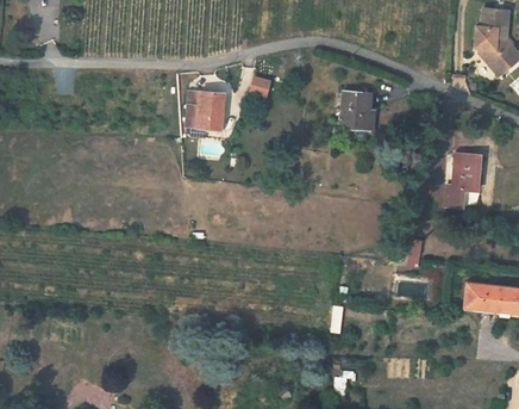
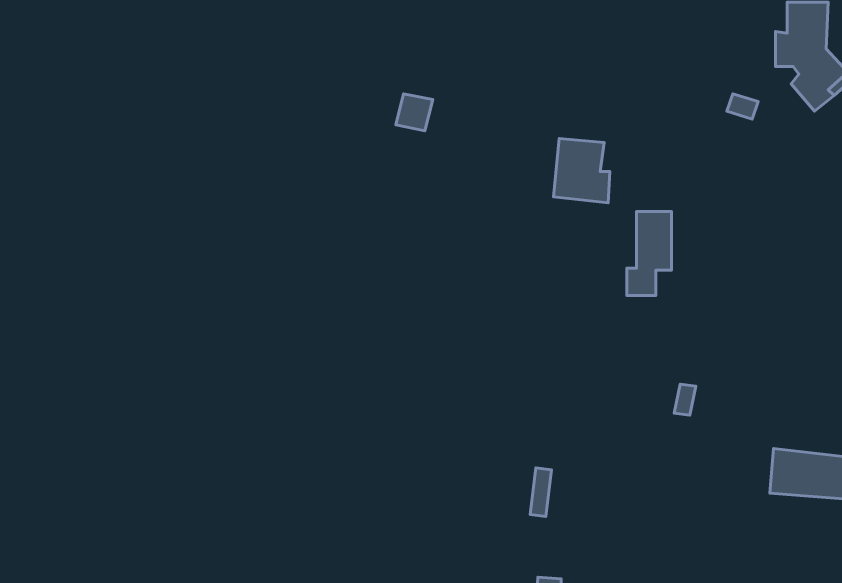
building: [193,88,229,128] -> none
building: [448,154,475,205] -> [627,212,672,295]

